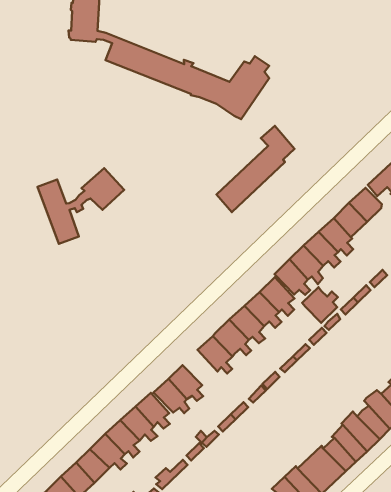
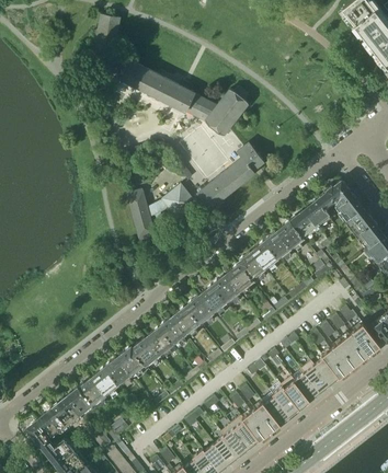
building: [37,168,124,244] -> [126,185,195,242]
building: [302,287,338,323] -> none
building: none -> [158,316,186,346]

